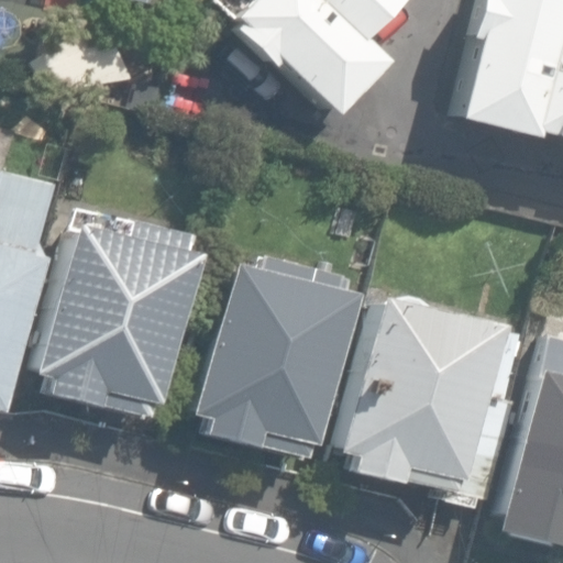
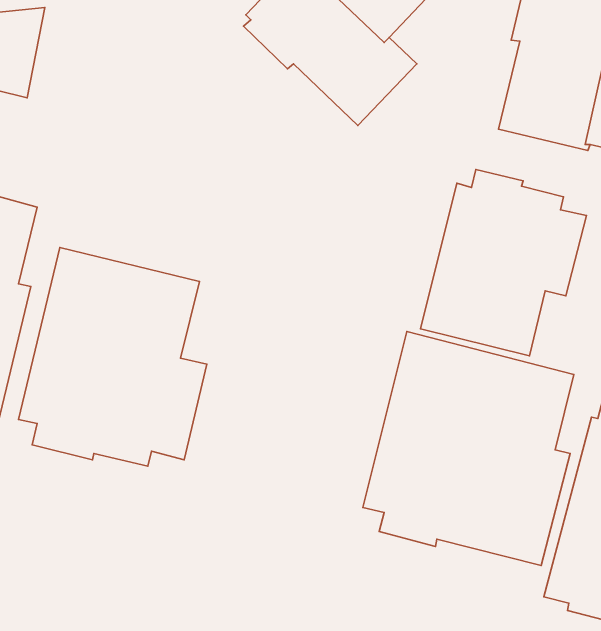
building: none -> [421,169,586,356]
building: [190,256,355,456] -> none

